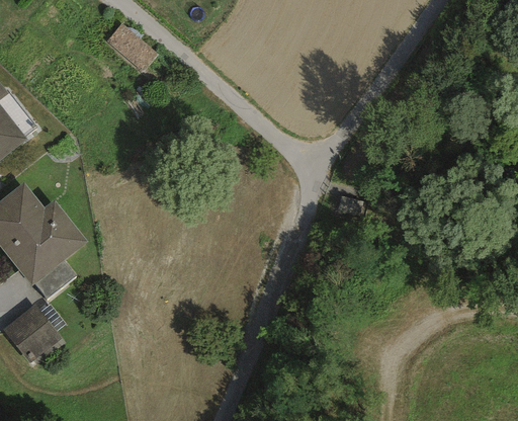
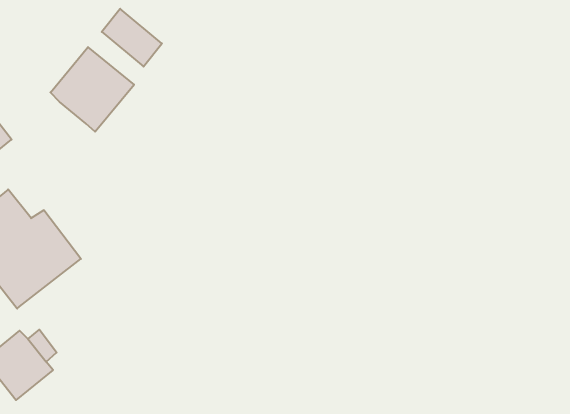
building: none -> [50,47,134,132]
building: [32,259,76,300] -> none

